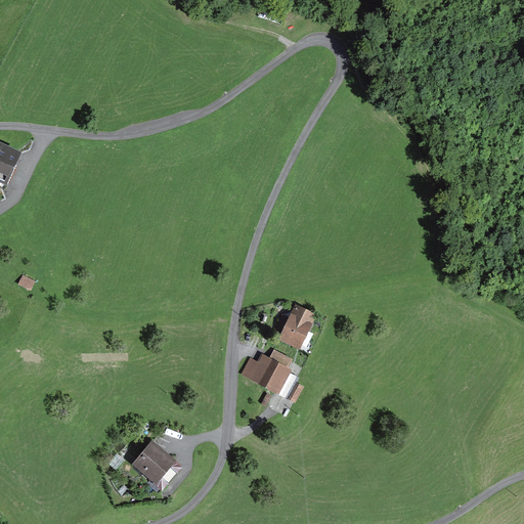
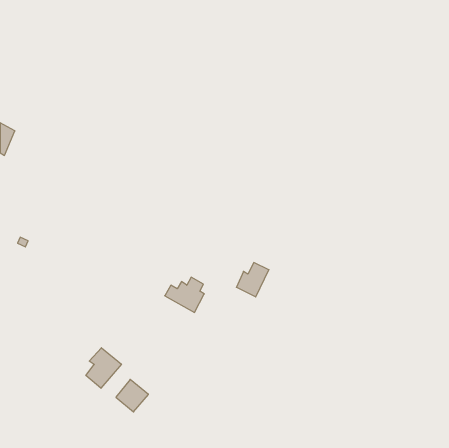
building: [244,351,290,392] -> [165,277,204,312]
building: none -> [86,348,121,388]

